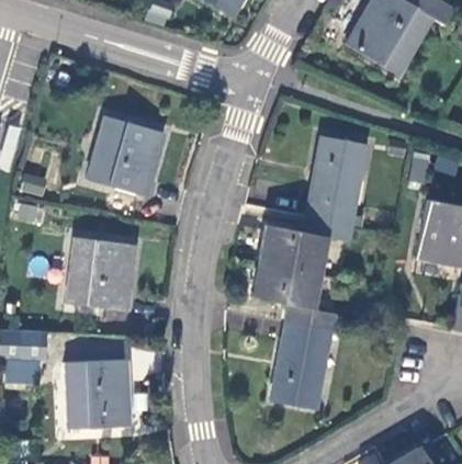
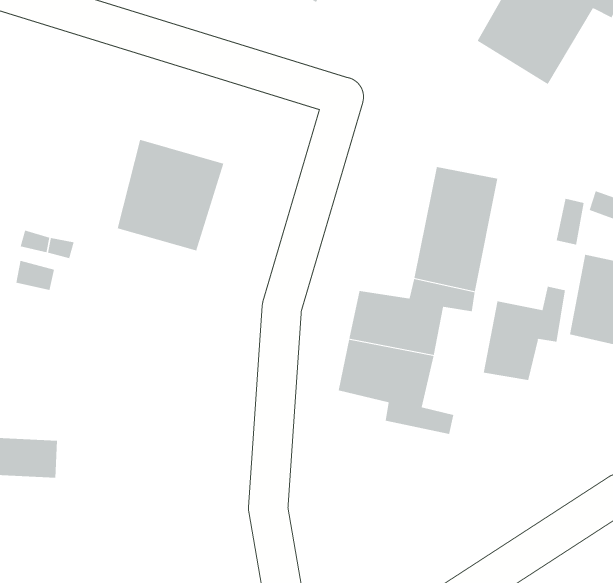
building: none -> [483,286,566,381]
building: [67,236,137,312] -> none
building: [268,319,330,410] -> none
building: [66,360,132,430] -> none

